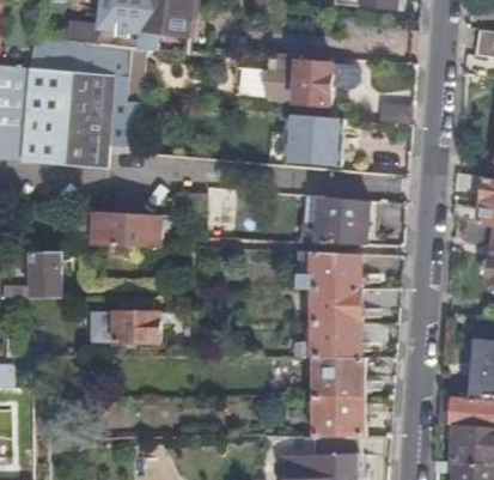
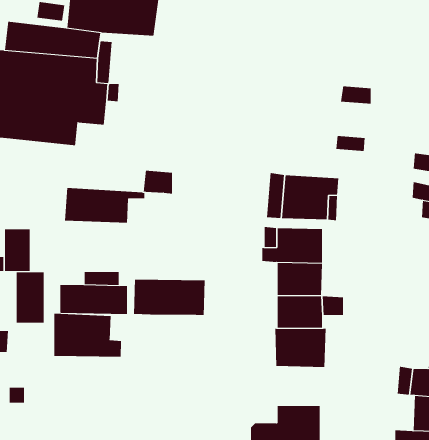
building: [262,54,333,107] -> none
building: [283,115,342,165] -> none
building: none -> [16,272,44,324]
building: none -> [133,279,205,316]
building: none -> [54,313,122,357]
building: [311,396,362,437] -> none

